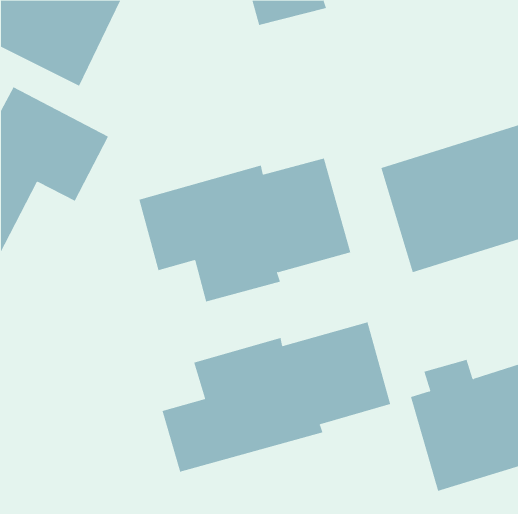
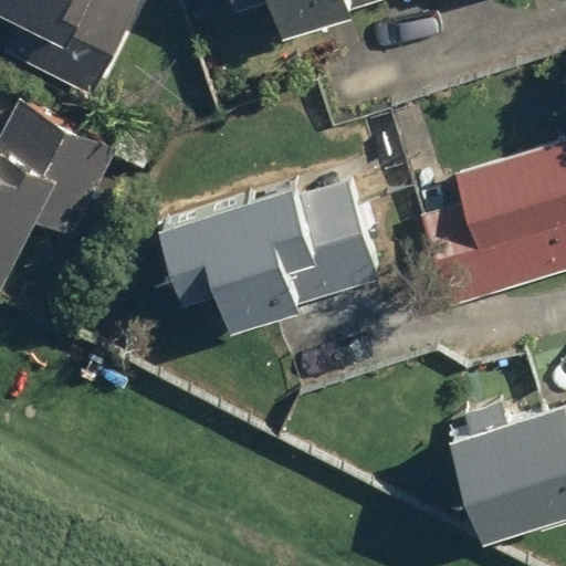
building: [162,322,391,473] -> none

